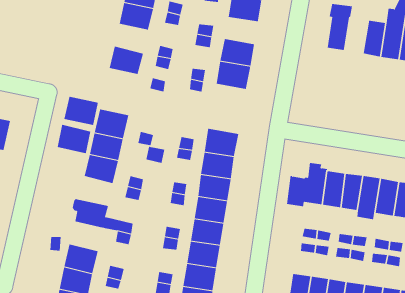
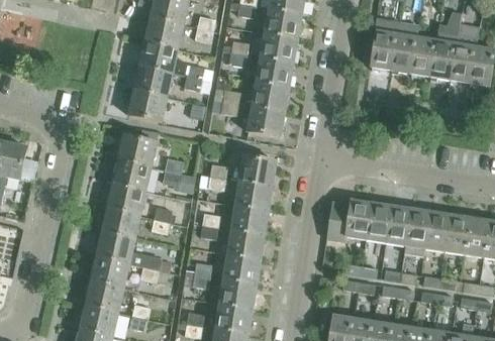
building: none -> [260,34,297,64]
building: none -> [391,34,417,74]
building: none -> [139,41,177,74]
building: none -> [246,107,284,136]
building: [63,96,99,126] -> [127,90,166,122]
building: [57,124,91,154] -> [101,208,138,240]
building: none -> [90,257,127,290]

